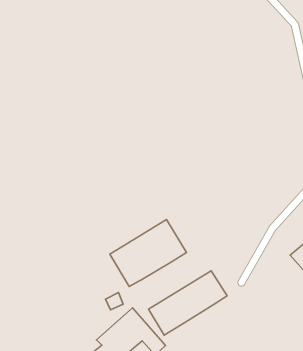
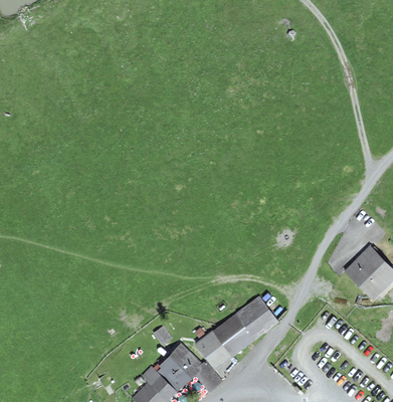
building: [110,219,187,286] -> none

